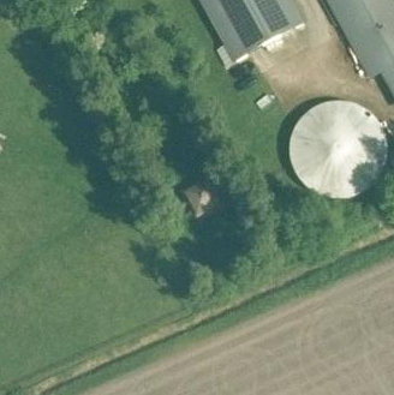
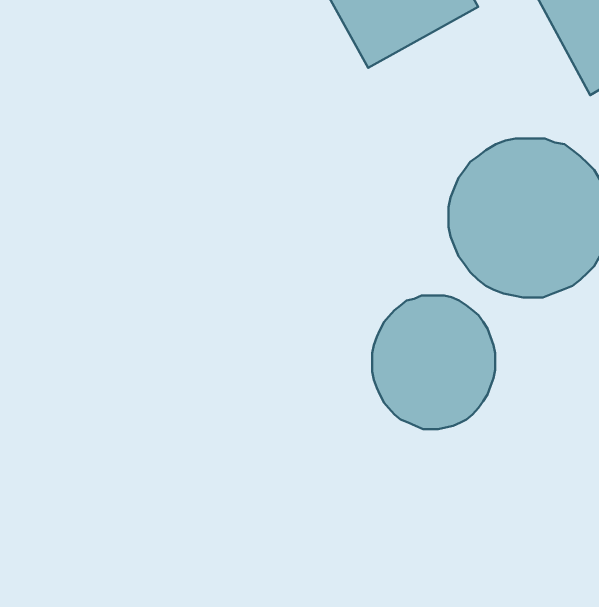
building: [181,175,222,216] -> none
building: none -> [372,295,495,429]

